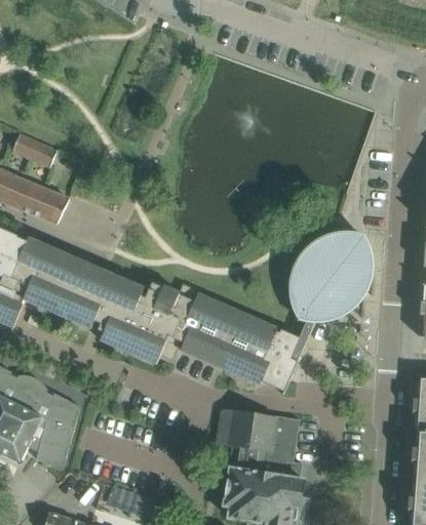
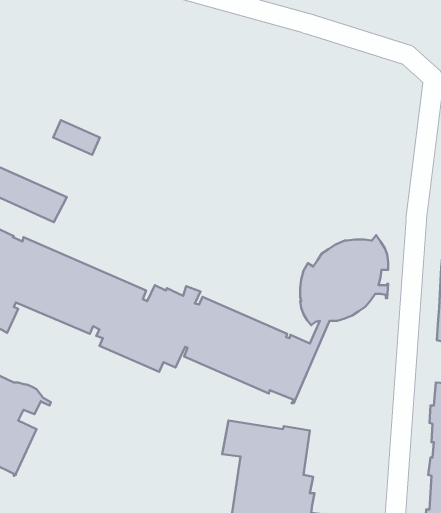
building: [13,135,57,168] -> [53,120,100,155]
building: [24,393,81,472] -> none

